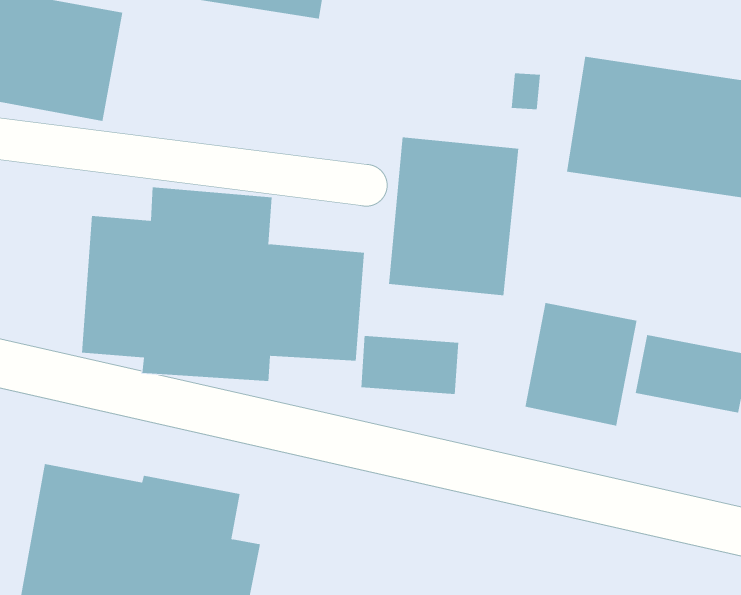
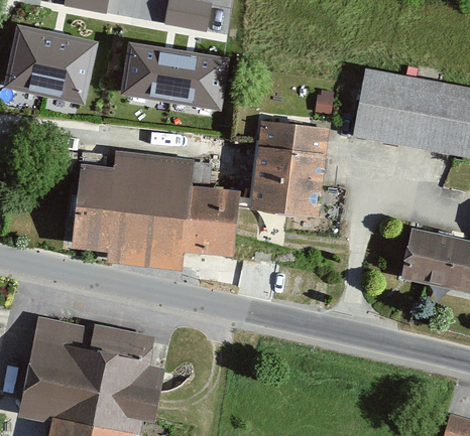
building: none -> [117,51,221,112]
building: [525,302,637,426] -> none
building: [361,335,459,395] -> none

